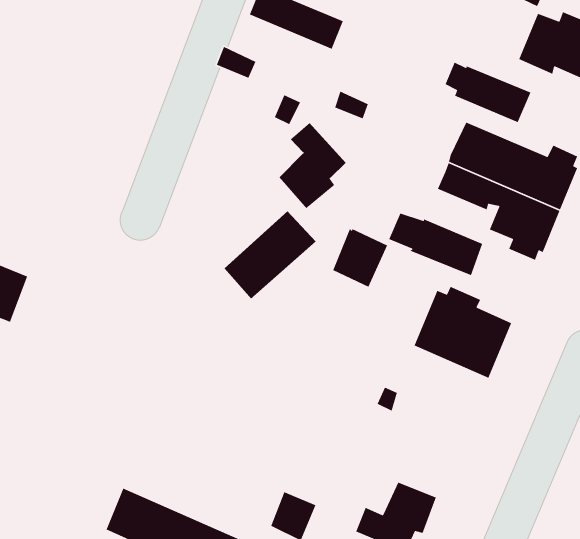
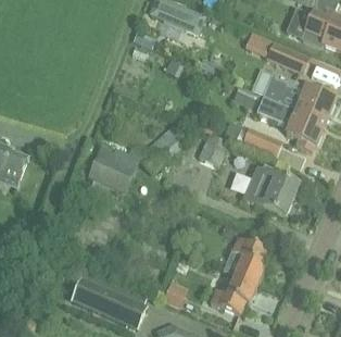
building: [278,122,347,209] -> none
building: none -> [87,153,135,192]
building: none -> [223,237,267,283]

